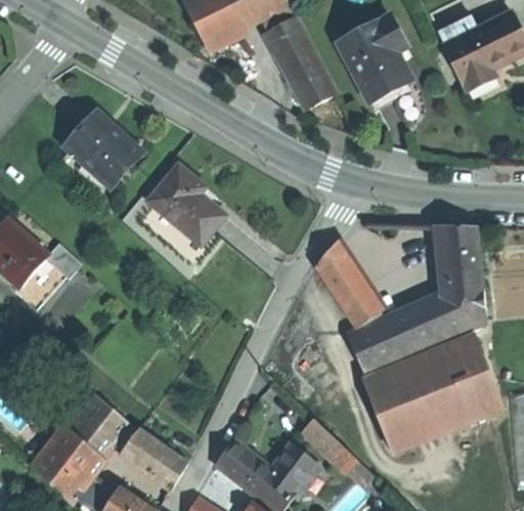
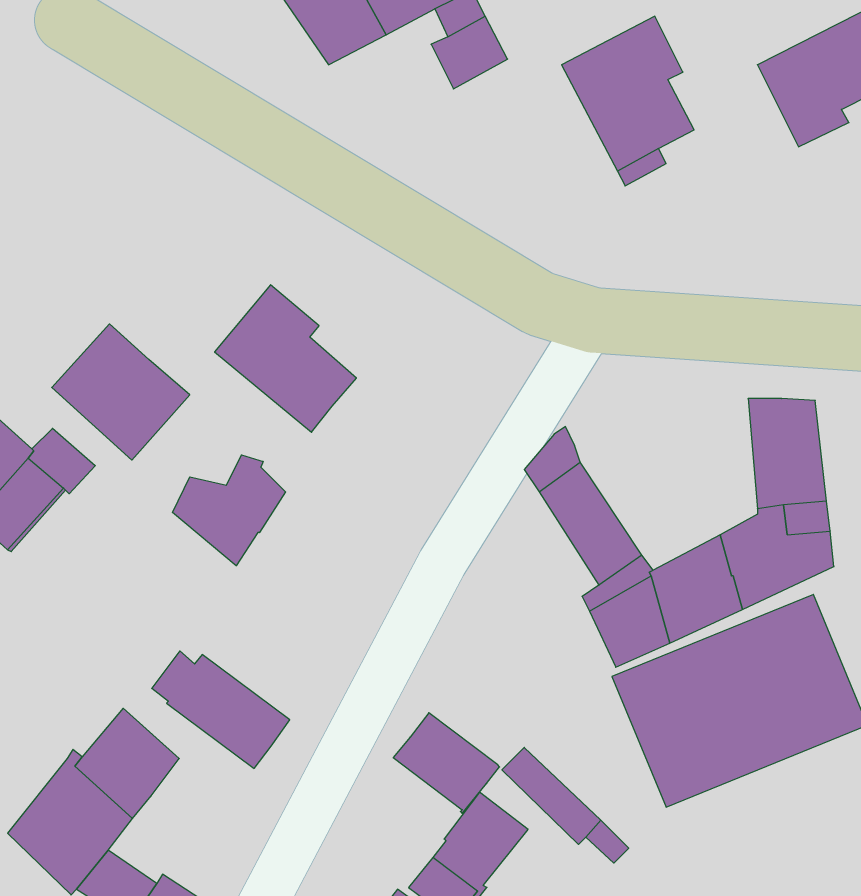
building: [277,40,335,109] -> none
building: [64,112,140,186] -> [52,324,190,460]
building: none -> [173,455,286,566]
building: [112,424,187,488] -> [152,651,290,768]
building: [215,439,273,495] -> [393,713,500,813]

